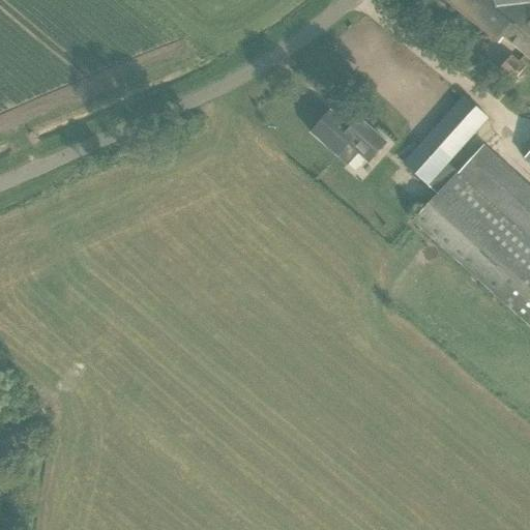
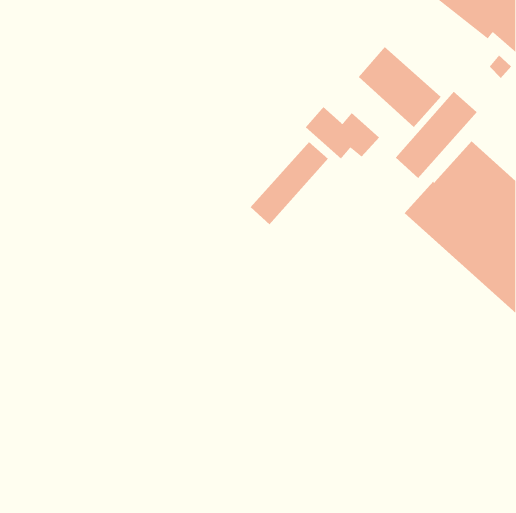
building: none -> [358,46,442,128]
building: none -> [250,141,329,225]

